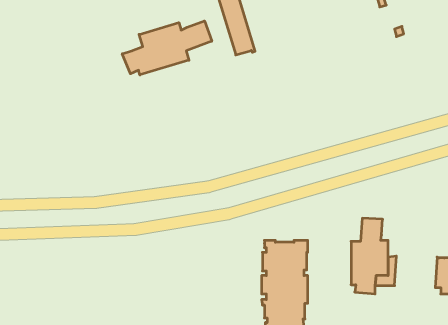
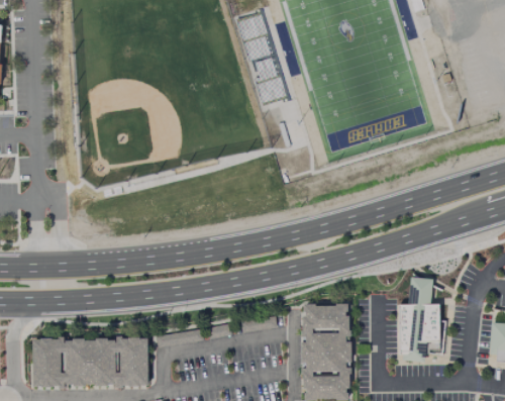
building: [122,21,212,75] -> none
building: none -> [33,333,146,385]

